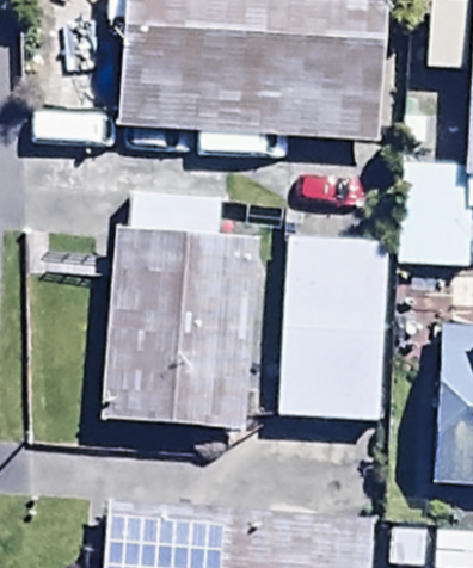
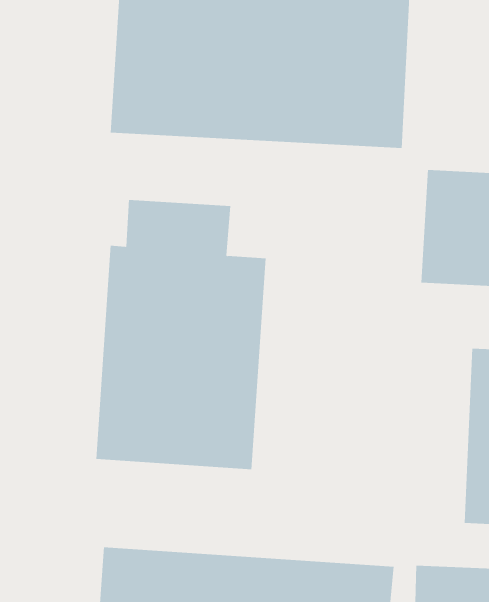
building: [281,240,387,428] -> none

